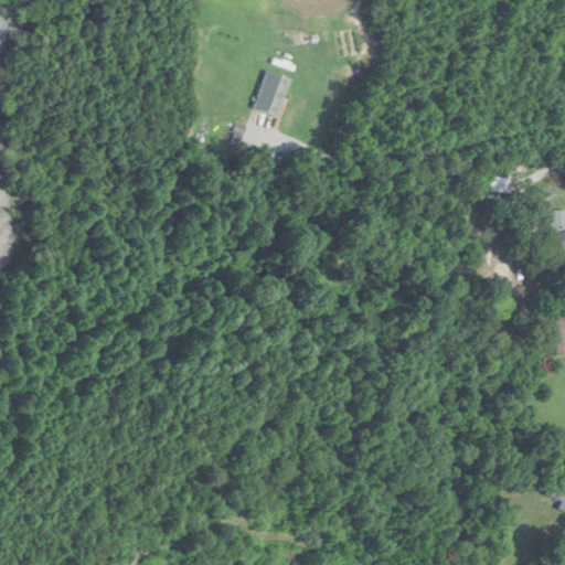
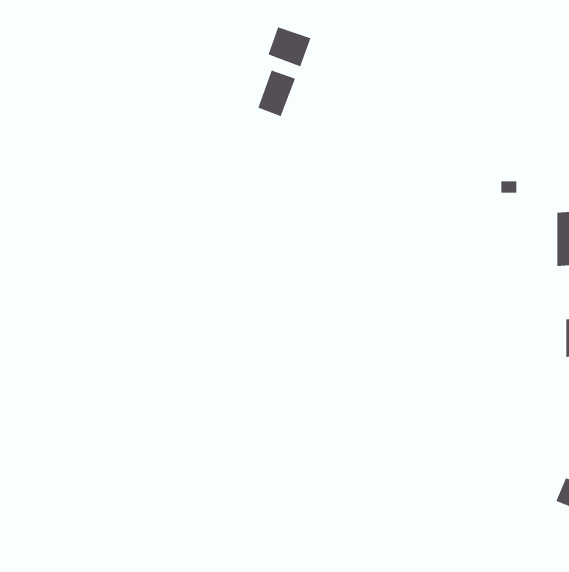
building: none -> [268,27,311,67]

